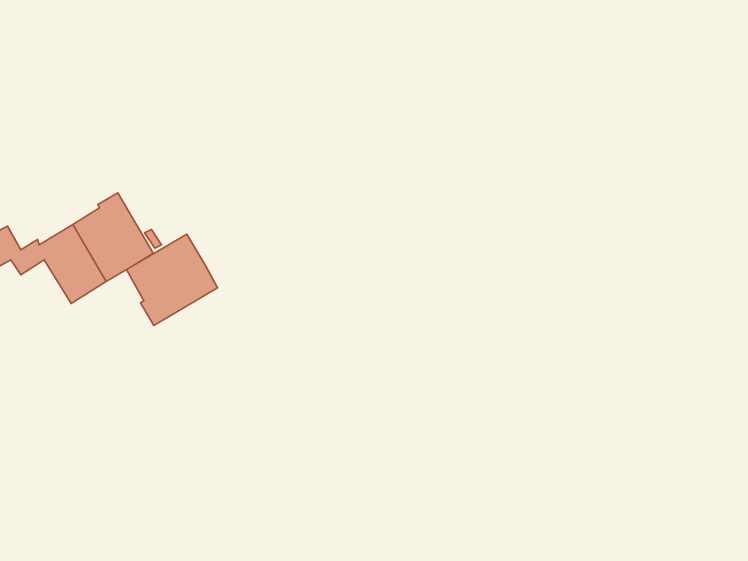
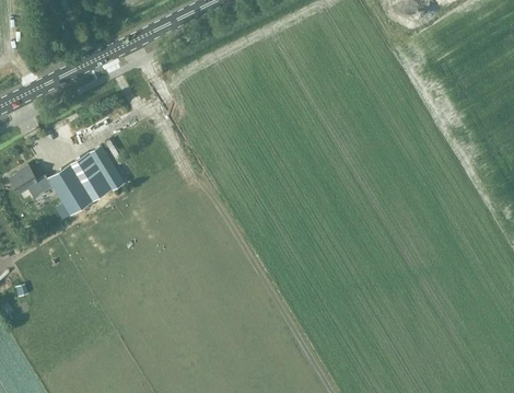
building: [127,234,218,326] -> none

